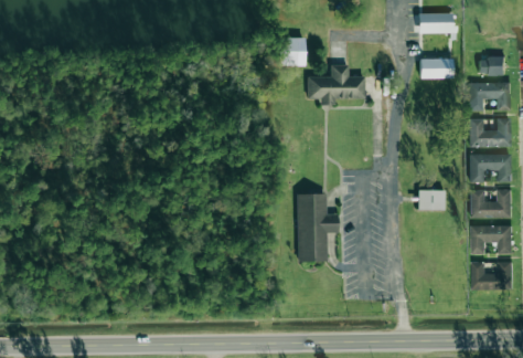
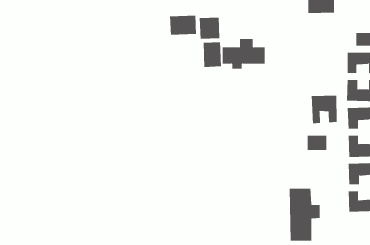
building: none -> [170,15,196,35]
building: [419,59,452,78] -> none
building: none -> [203,42,221,68]
building: none -> [311,95,337,124]
building: [297,193,338,262] -> [289,188,321,241]

